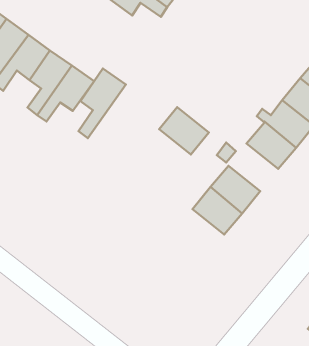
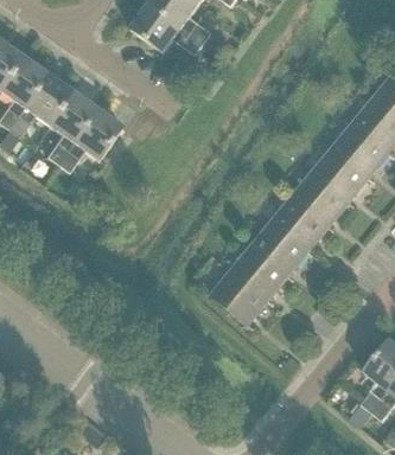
building: [79,69,126,138] -> none
building: [159,107,209,155] -> [272,196,327,249]
building: none -> [211,269,267,323]

